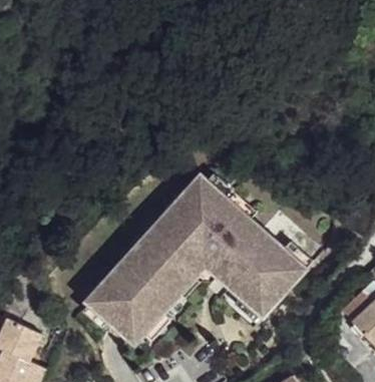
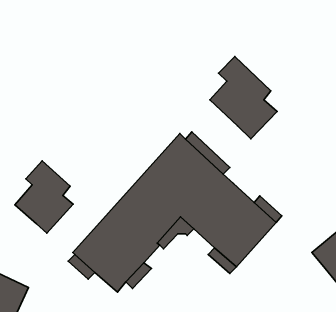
building: none -> [210,56,277,139]
building: none -> [15,161,73,233]

